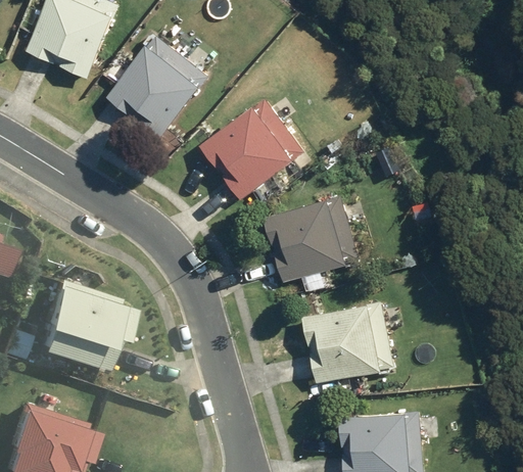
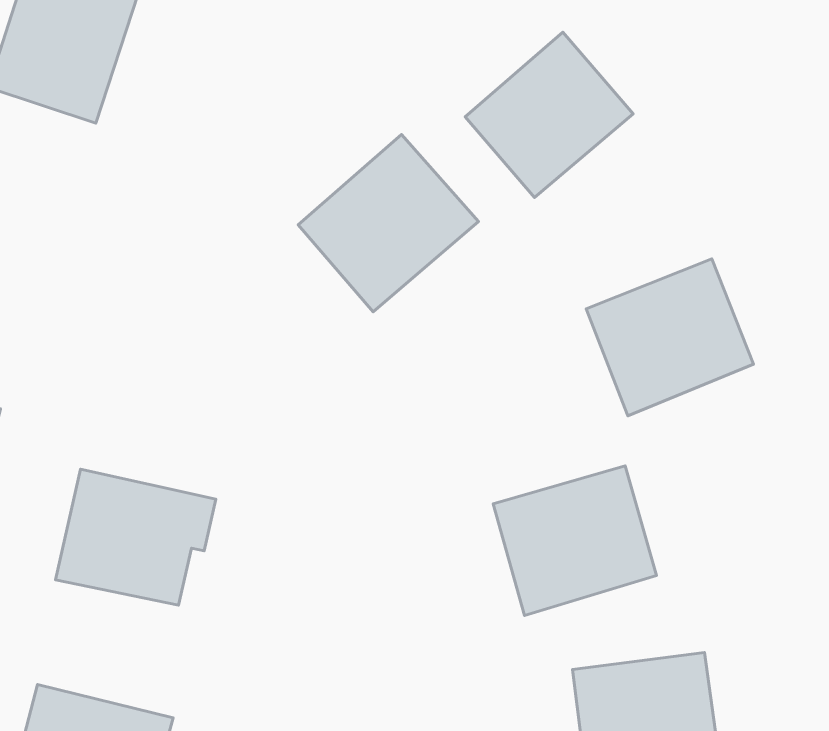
building: [107,37,207,140] -> none
building: none -> [465,32,633,198]
building: [263,196,358,284] -> [586,259,753,416]

